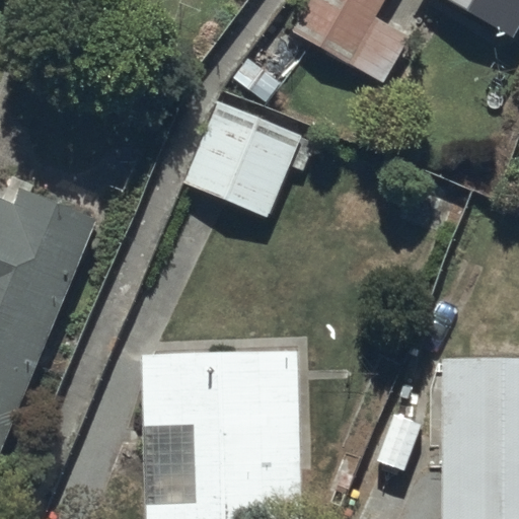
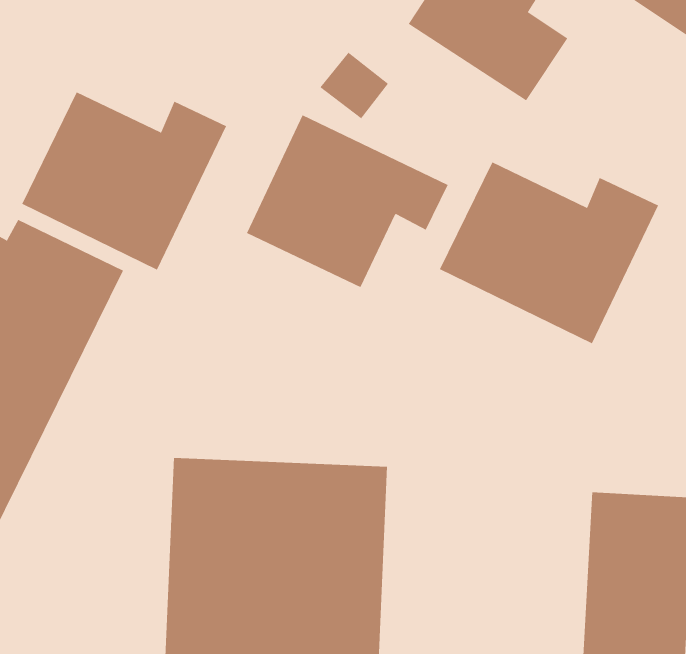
building: none -> [22,91,227,271]
building: none -> [439,161,659,344]

